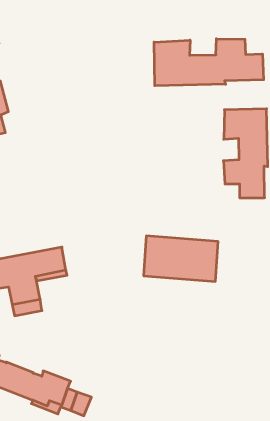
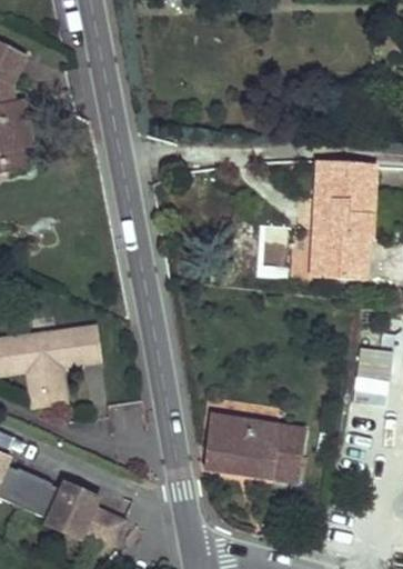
building: [154,39,264,86] -> none
building: [144,236,218,281] -> [204,416,303,480]

